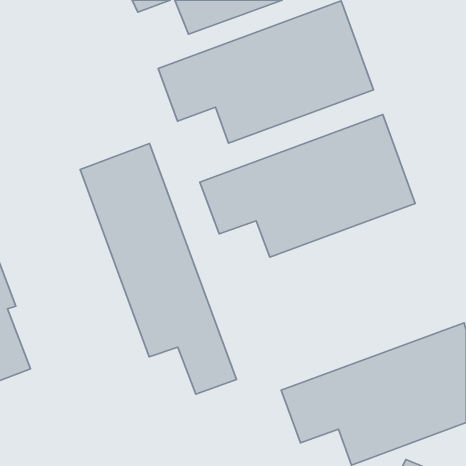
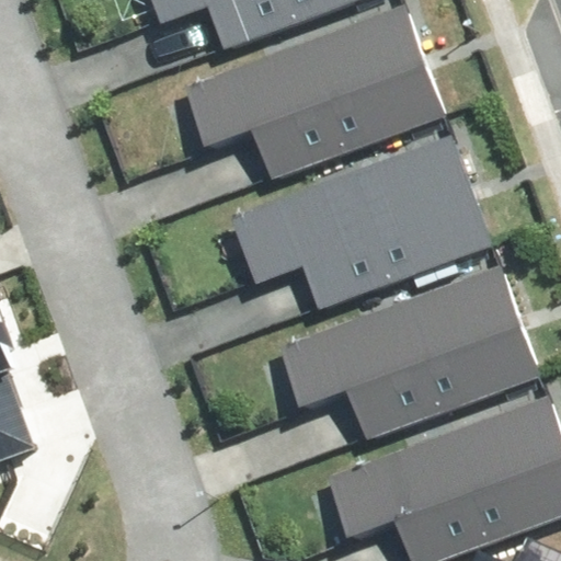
building: [80,144,236,394] -> none
building: none -> [280,265,536,434]

